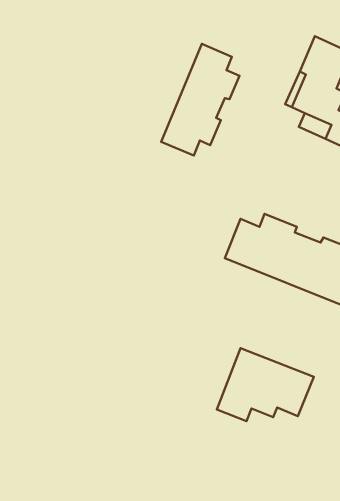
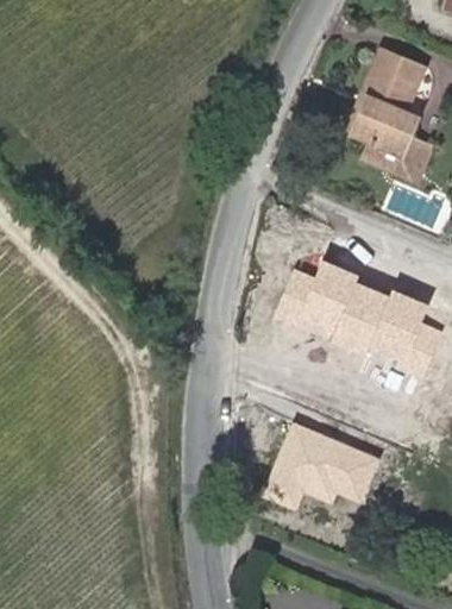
building: [161,44,239,155] -> none

